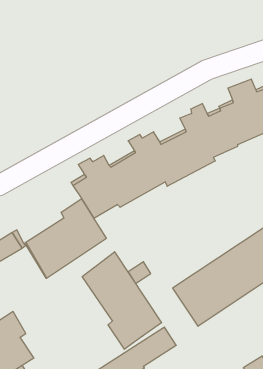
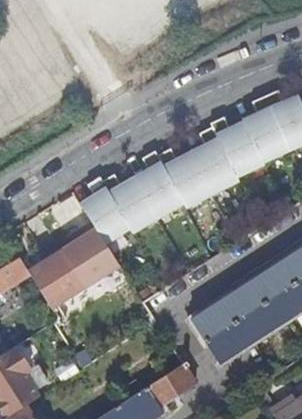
building: [82,252,162,349] -> none

